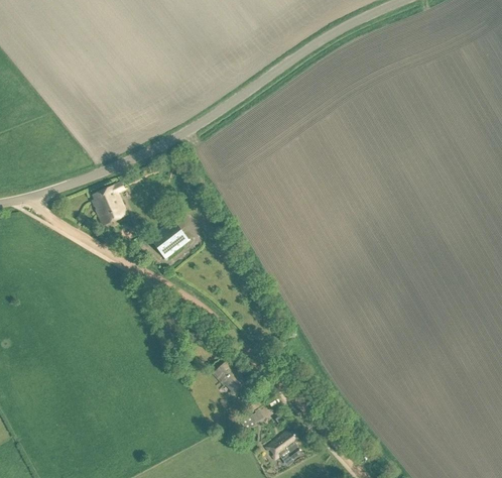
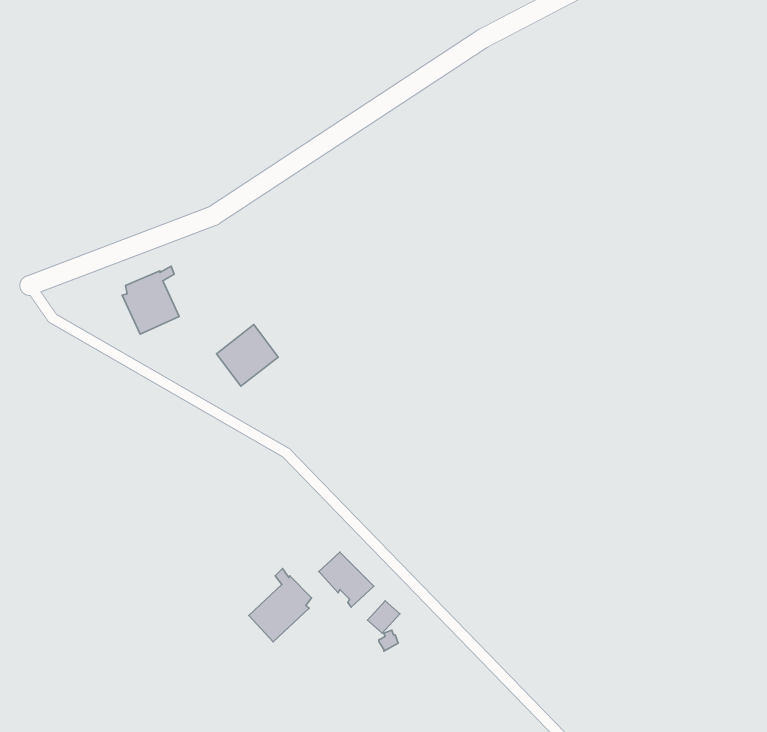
building: none -> [249,569,312,642]
building: [265,431,300,465] -> none

